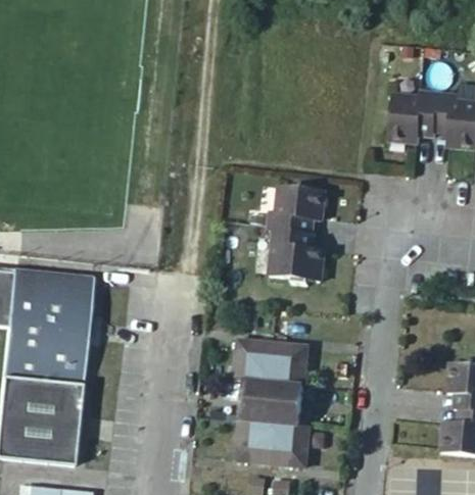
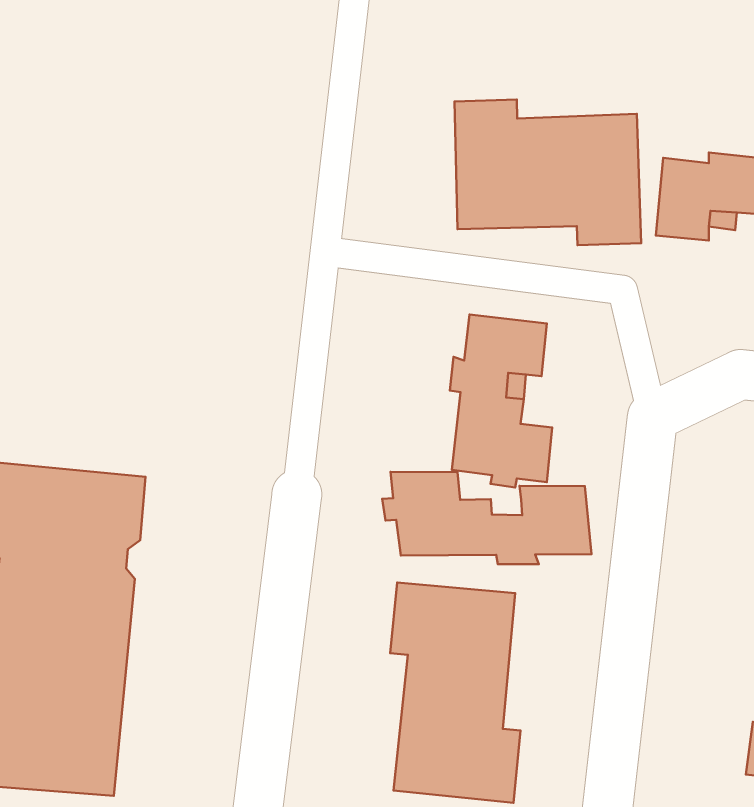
building: none -> [455,99,641,245]
building: none -> [382,472,592,564]

